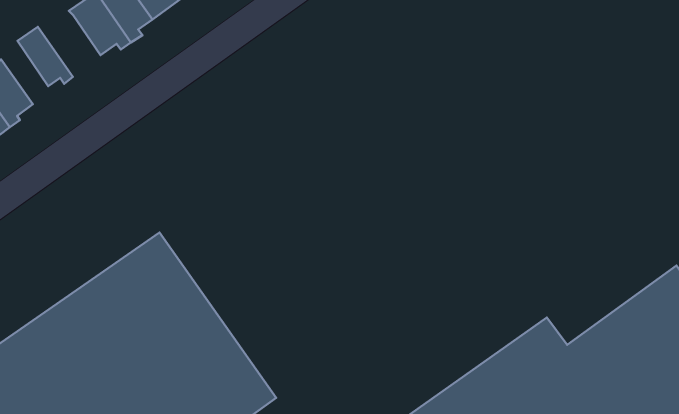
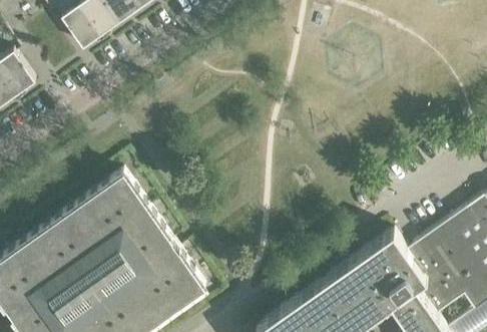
building: [17,27,73,86] -> none

